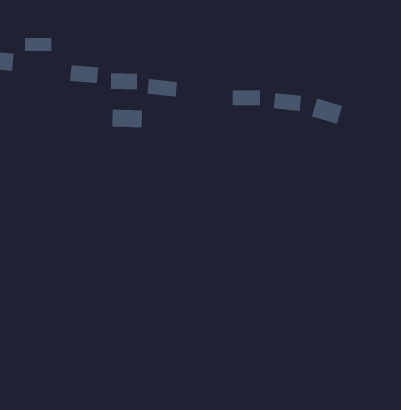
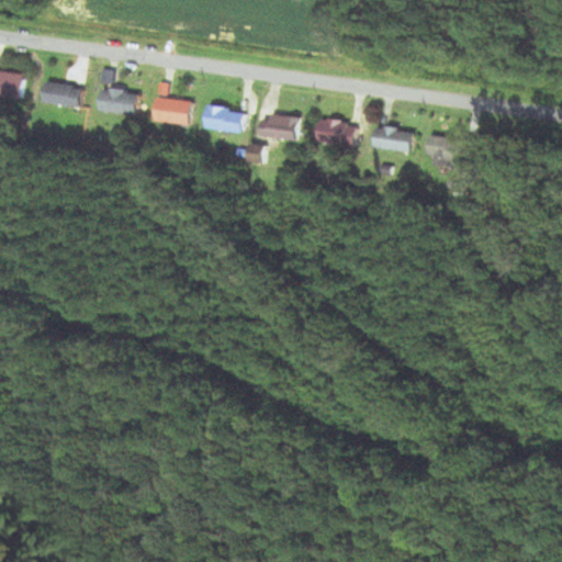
building: [24,37,52,52] -> [40,85,78,104]
building: none -> [259,116,296,138]
building: [111,109,143,128] -> none

